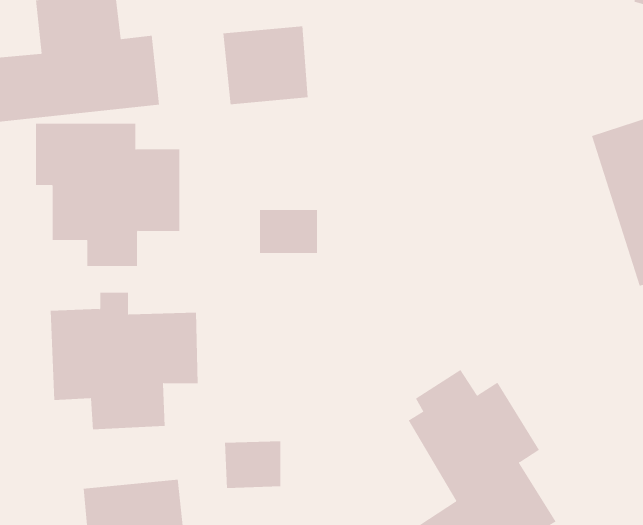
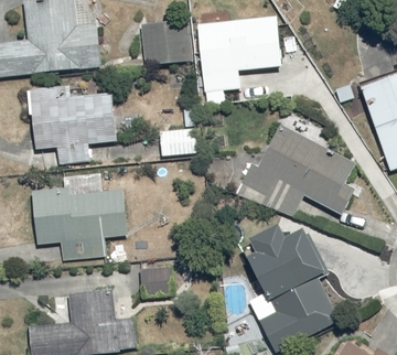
building: none -> [198,18,278,86]
building: none -> [233,120,356,218]

